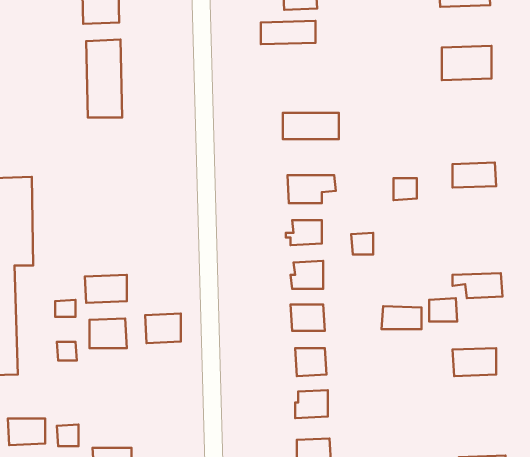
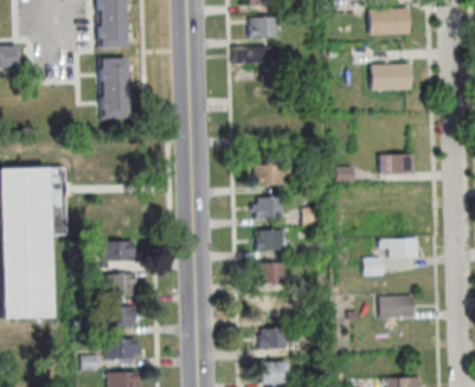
building: [381,306,422,329] -> none
building: [145,314,181,343] -> [104,304,131,327]
building: [8,419,45,445] -> [104,337,133,357]

